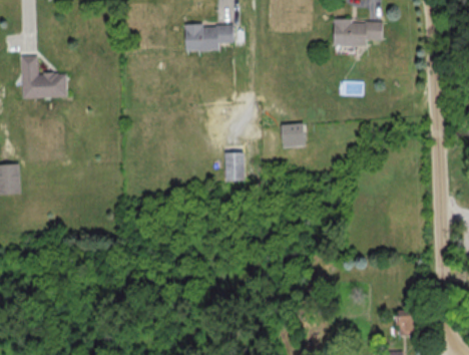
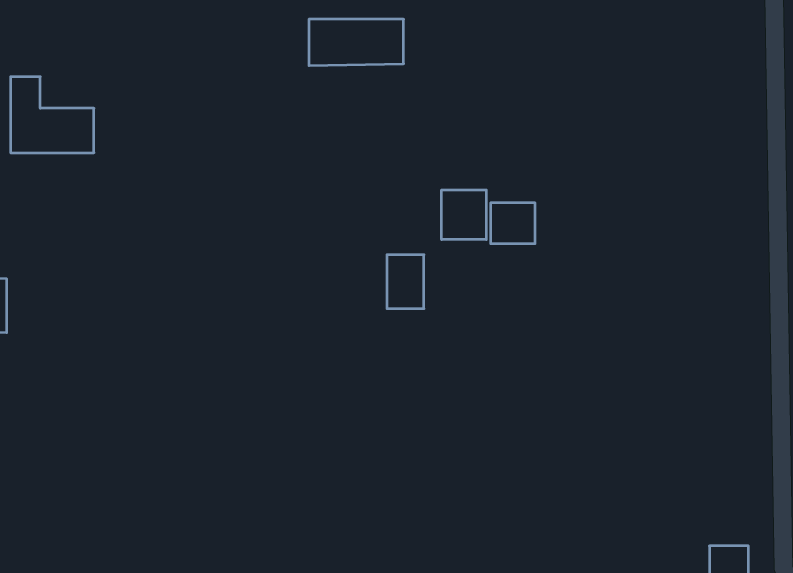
building: [333,21,383,46] -> none
building: none -> [442,190,486,240]

